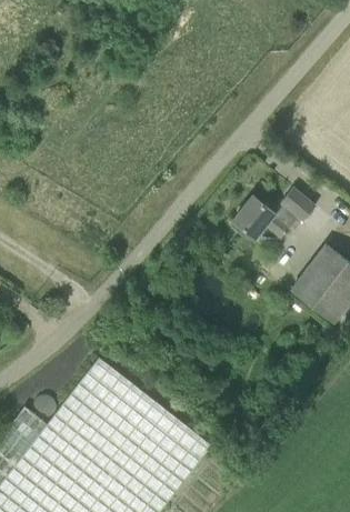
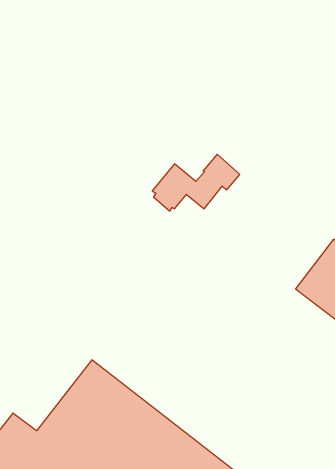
building: [231,189,313,242] -> [152,154,240,211]

